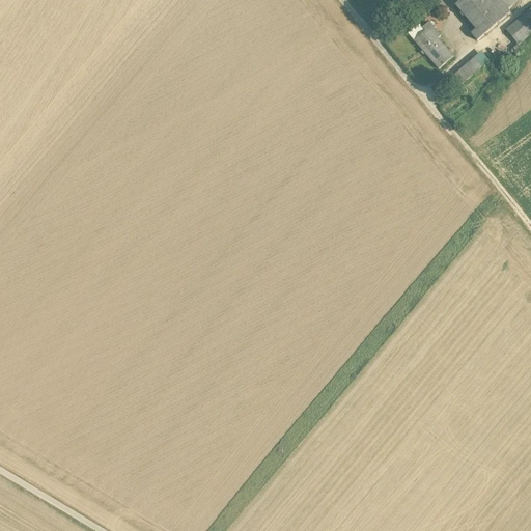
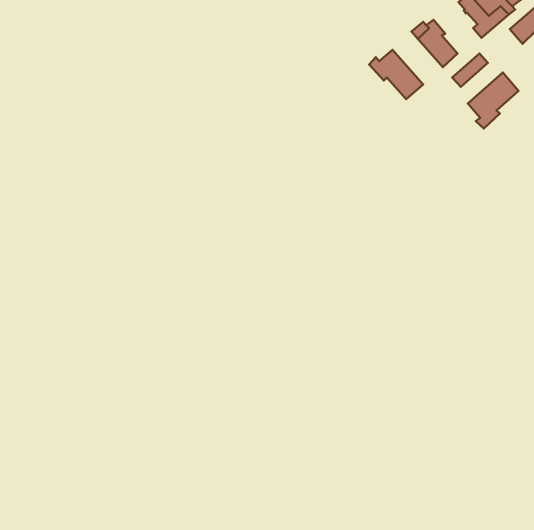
building: none -> [369,50,423,99]
building: none -> [468,73,518,128]

